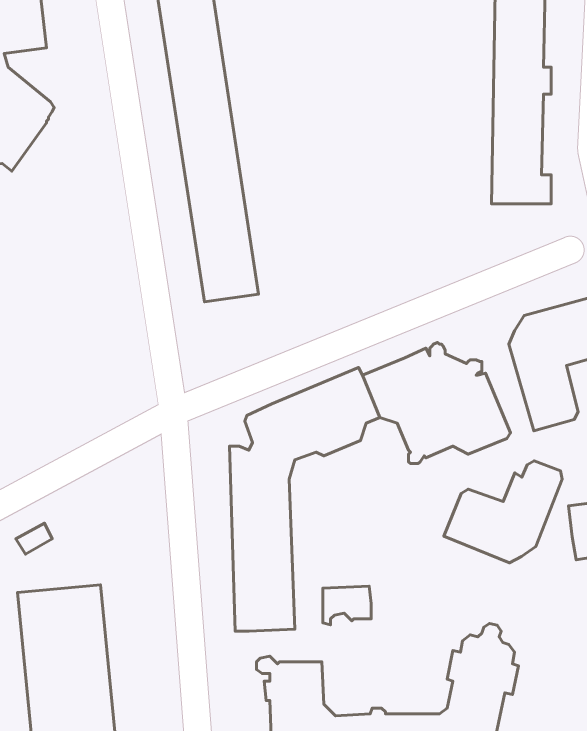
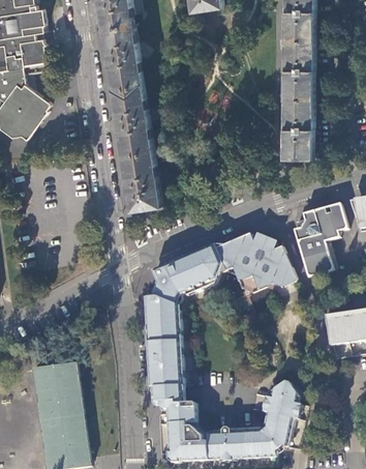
building: [444,461,562,563] -> none
building: [323,586,371,625] -> [154,385,180,406]

